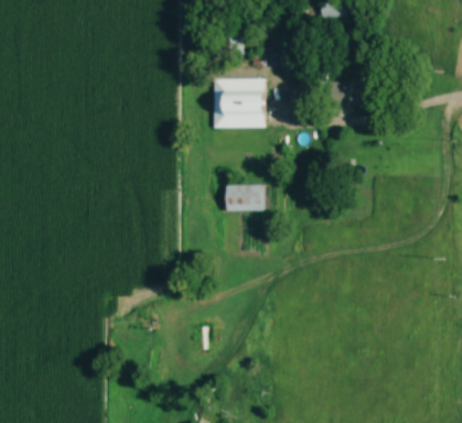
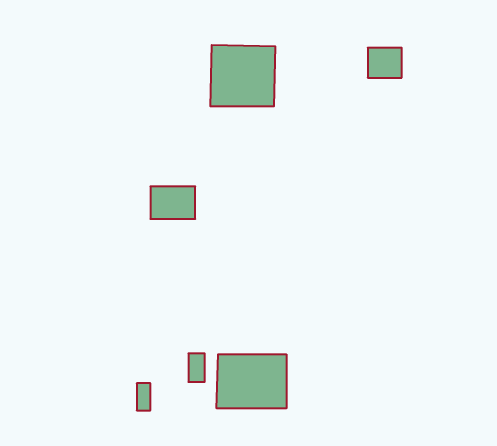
building: [226,184,262,210] -> [150,186,195,219]
building: none -> [217,354,286,408]

